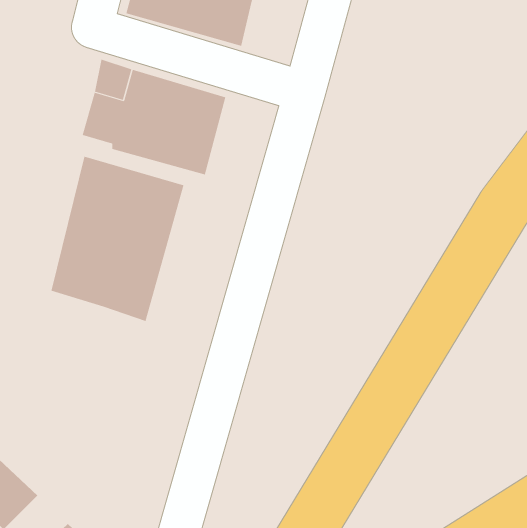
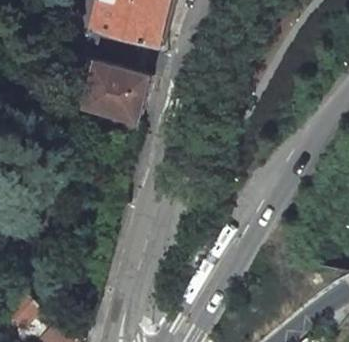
building: [51,156,184,322] -> none

